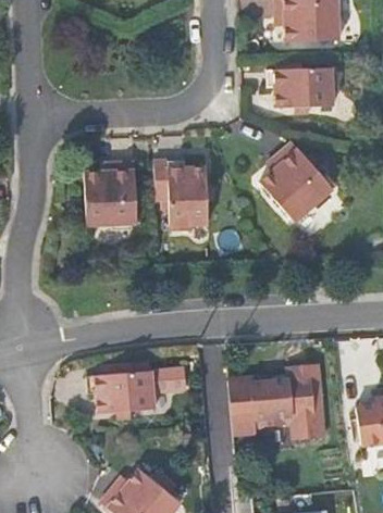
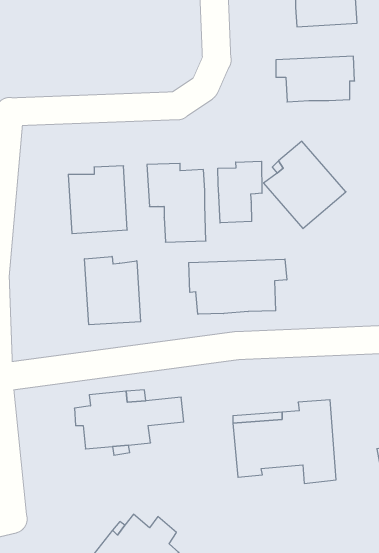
building: none -> [218,161,262,223]
building: none -> [85,256,141,325]
building: none -> [189,259,287,314]

